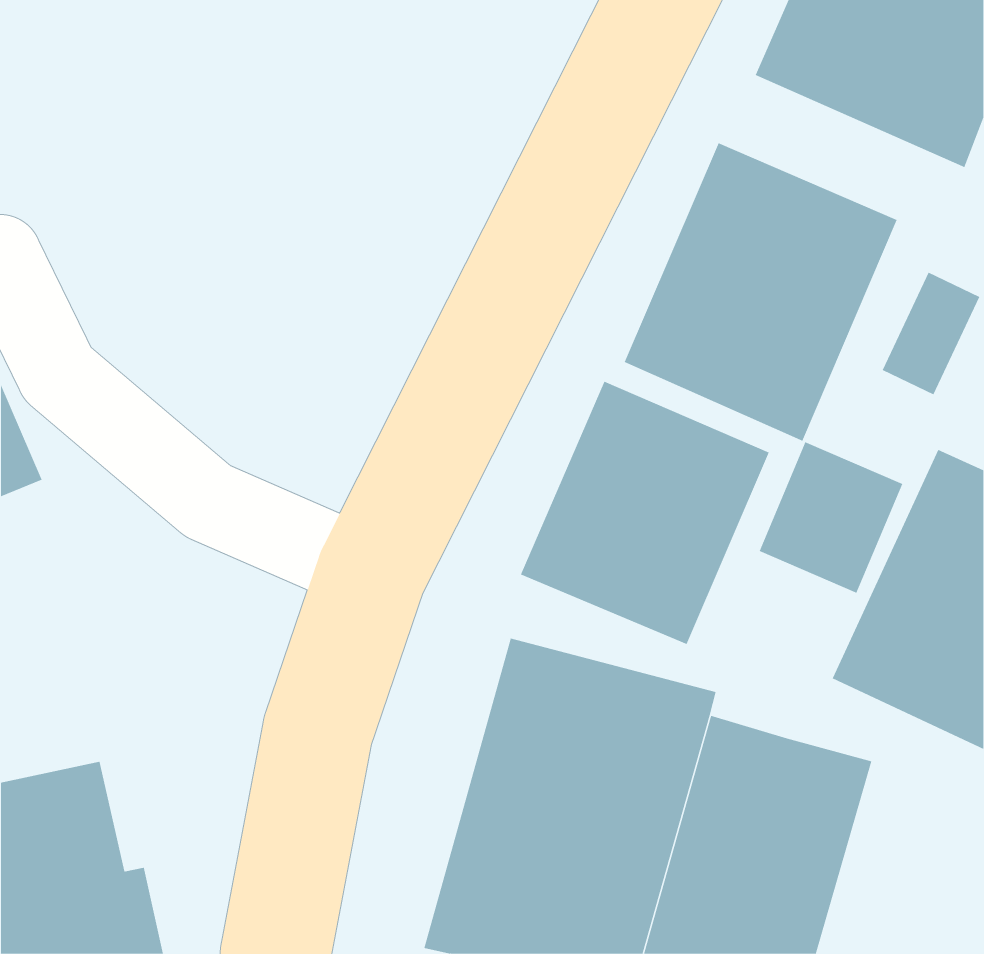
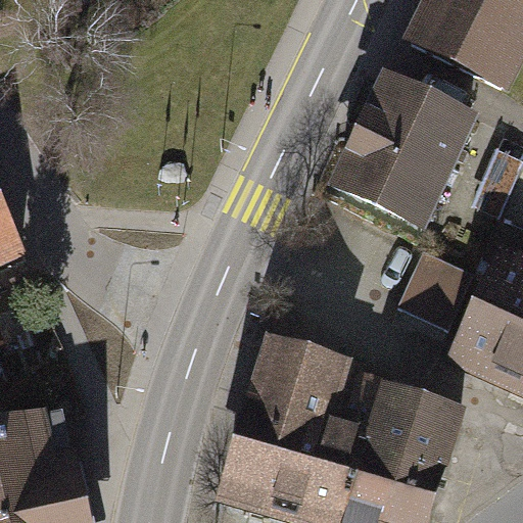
building: [520,381,770,645] -> none

